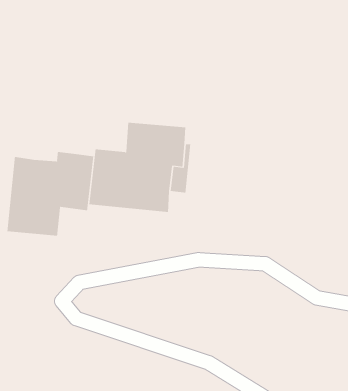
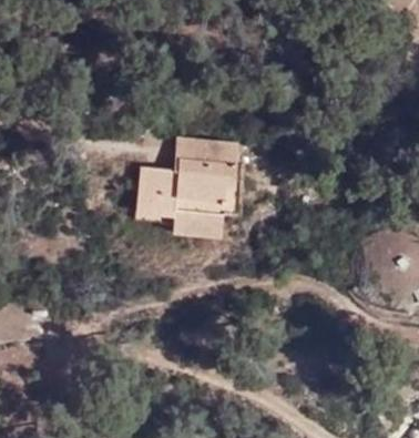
building: [7,151,94,237] -> none

